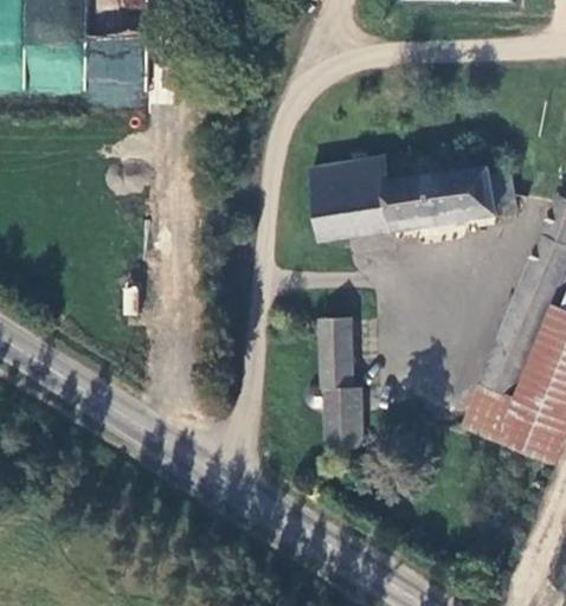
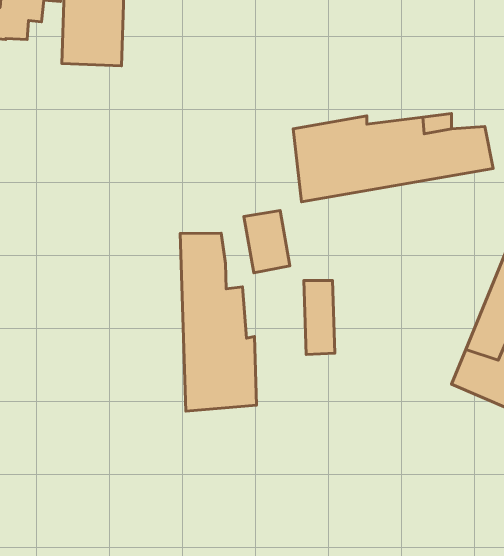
building: none -> [244,210,290,273]
building: none -> [180,233,256,411]
building: [324,394,359,454] -> none

